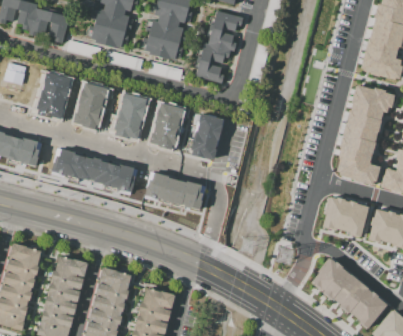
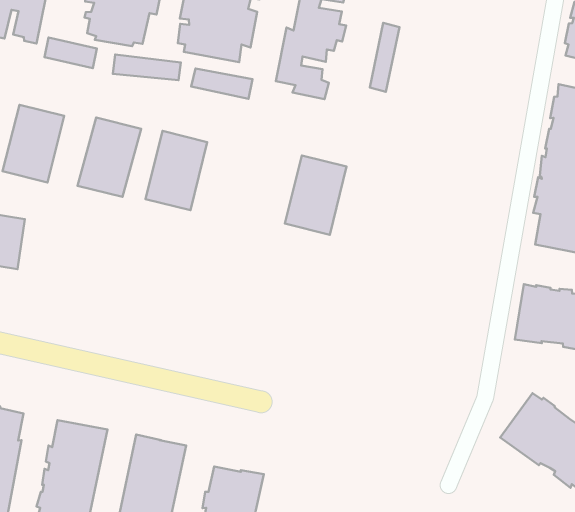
building: [158,106,195,152] -> none
building: [54,147,141,194] -> none
building: [147,173,211,210] -> none

